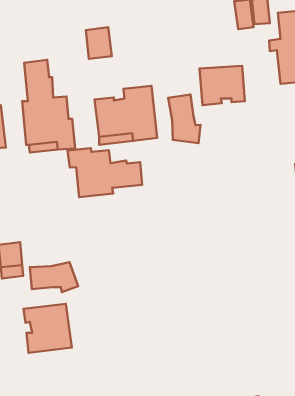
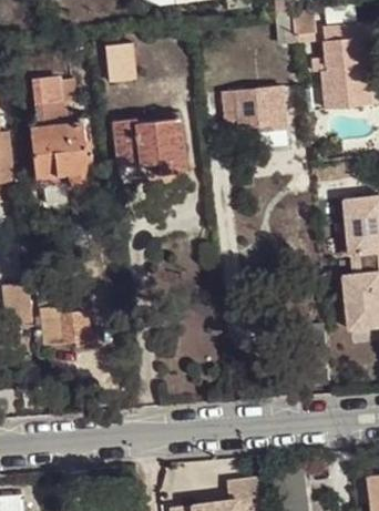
building: [168,95,200,143] -> none
building: [68,148,142,197] -> none
building: [24,304,72,353] -> none

